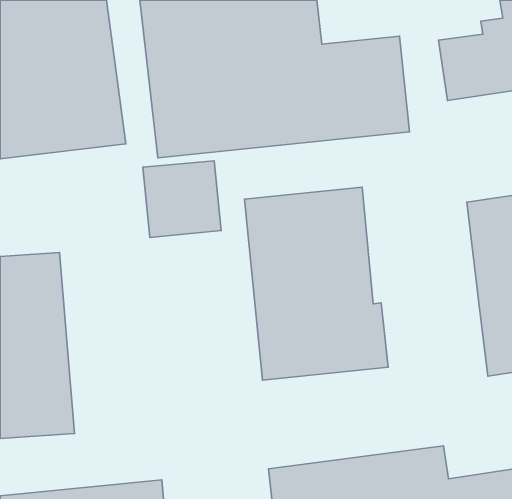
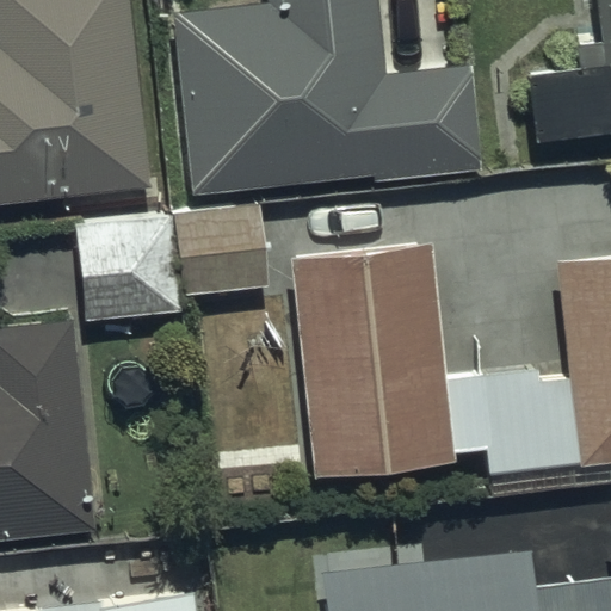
building: none -> [74,216,181,325]
building: none -> [475,366,581,479]

